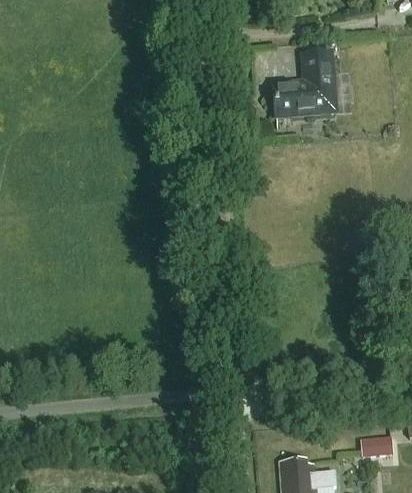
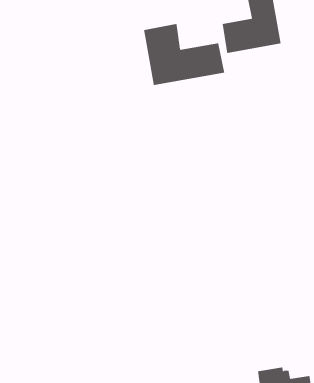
building: none -> [144,23,225,86]

